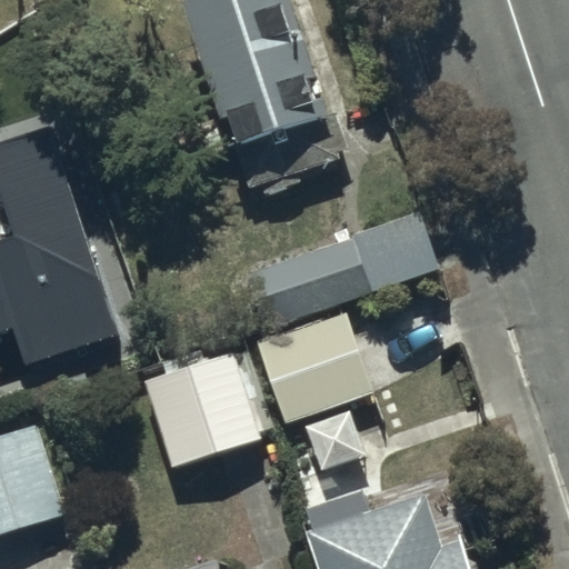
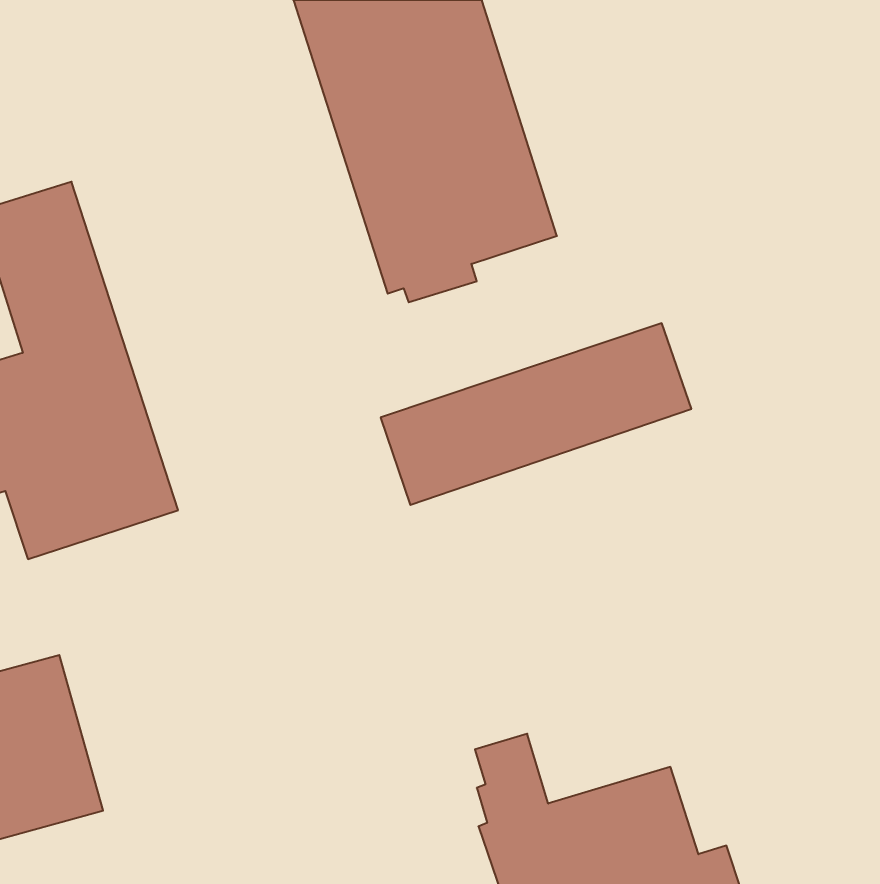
building: [258,313,372,425] -> none
building: [146,352,258,469] -> none

